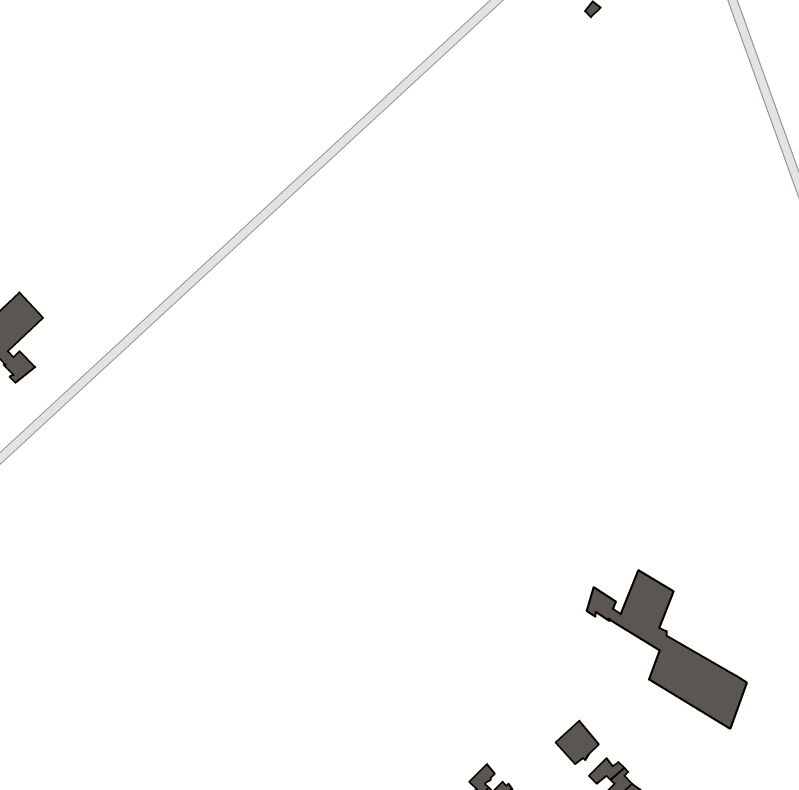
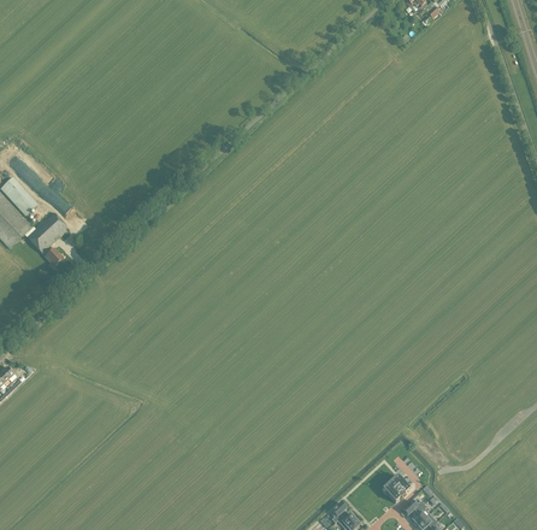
building: [587,570,747,729] -> none

